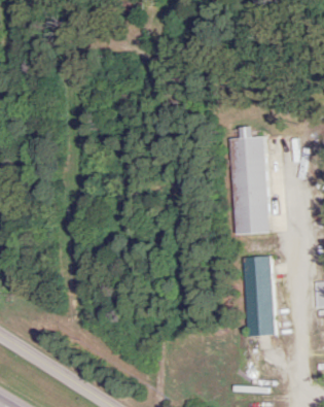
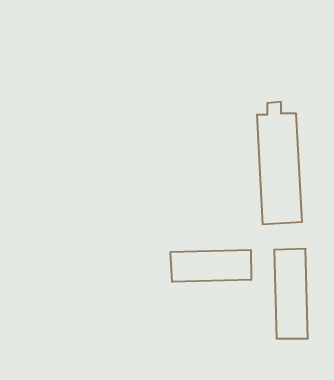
building: none -> [171,250,251,282]

